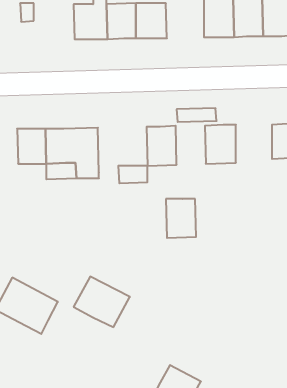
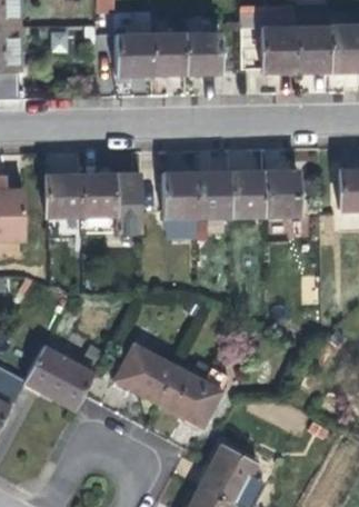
building: none -> [163,173,198,218]
building: [166,199,196,238] -> [230,172,265,217]
building: none -> [159,368,221,427]

